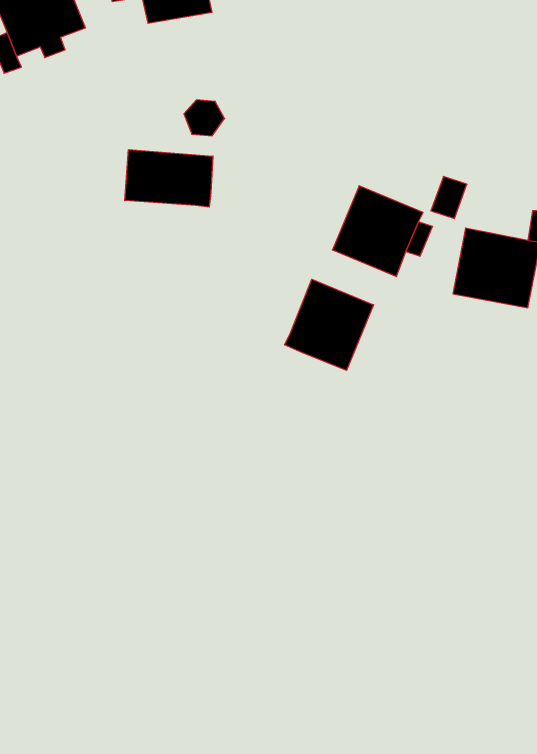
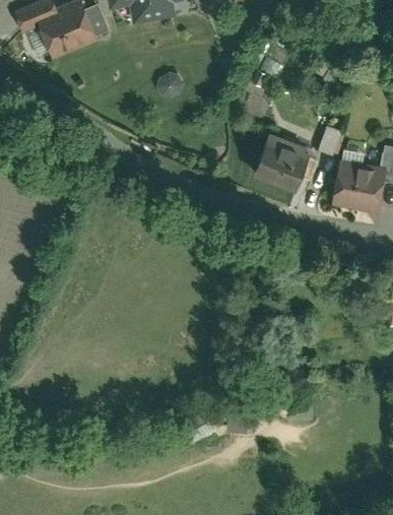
building: [125,150,213,207] -> none
building: [285,279,374,370] -> none

